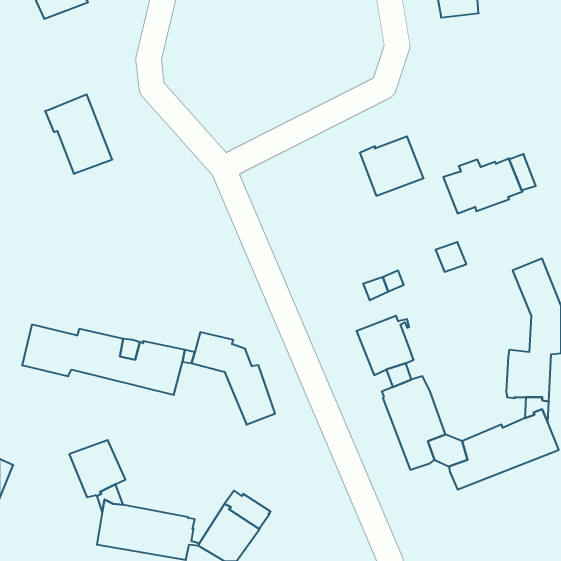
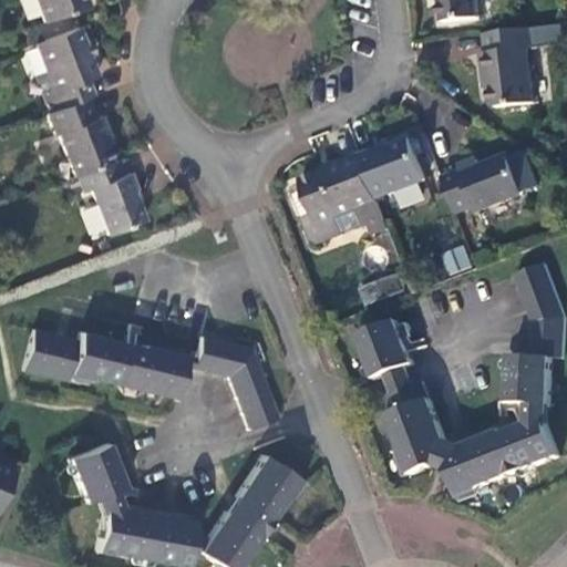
building: none -> [35,24,96,111]
building: none -> [483,24,535,106]
building: none -> [297,153,391,243]
building: none -> [76,158,144,233]
building: none -> [236,454,298,515]

